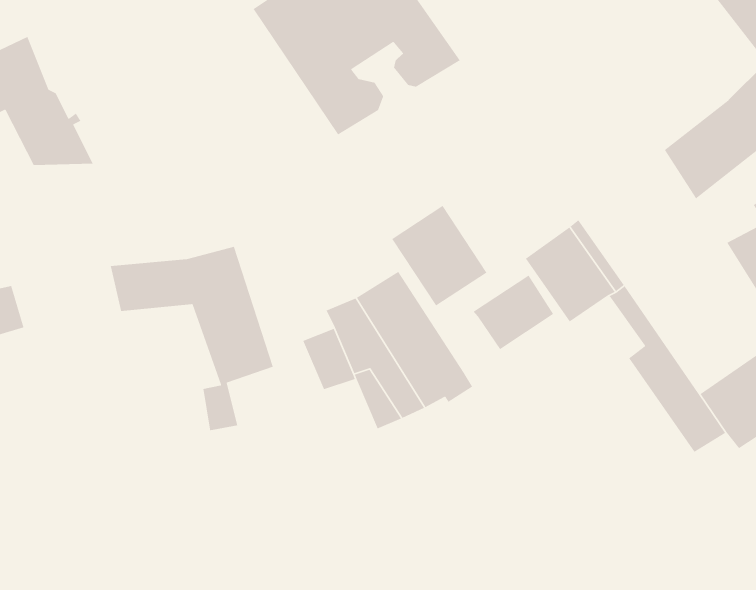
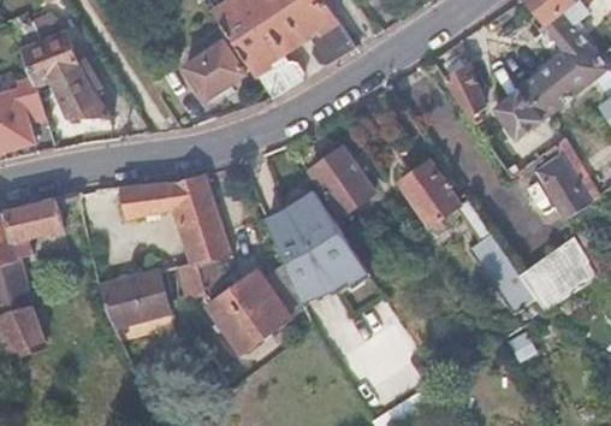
building: none -> [182,41,248,105]
building: none -> [443,61,482,123]
building: [473,275,554,350] -> none
building: none -> [207,270,289,351]
building: none -> [97,271,167,321]

